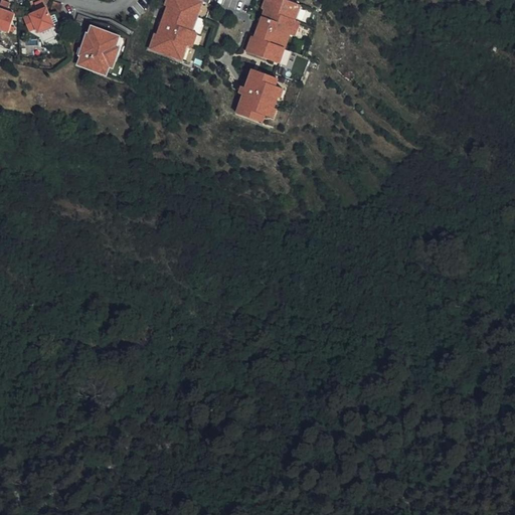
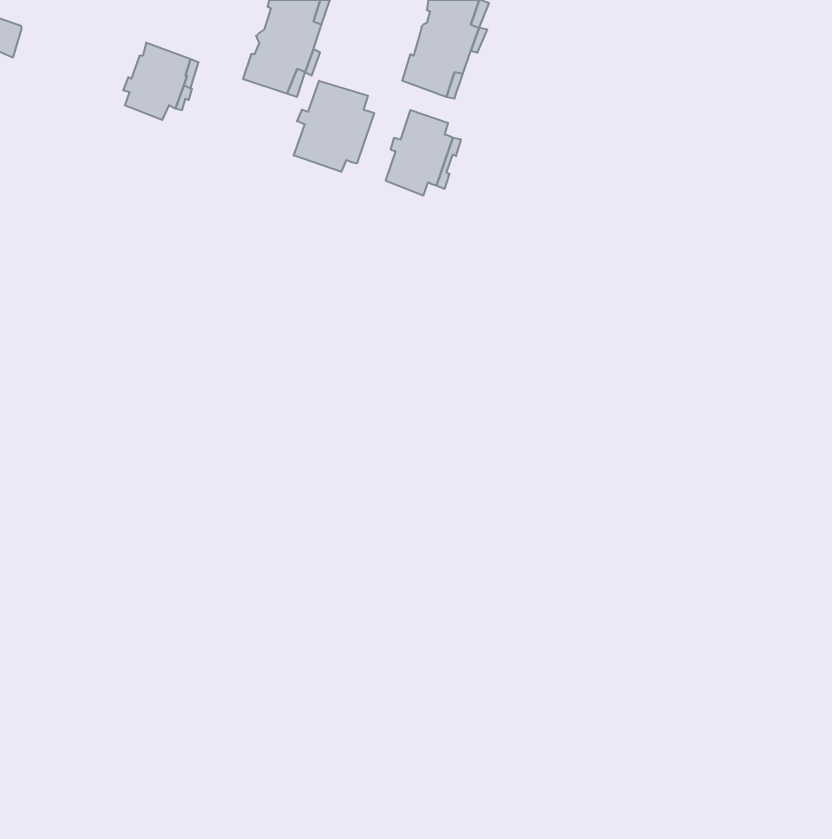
building: [21,10,52,36] -> none
building: none -> [294,81,374,172]

